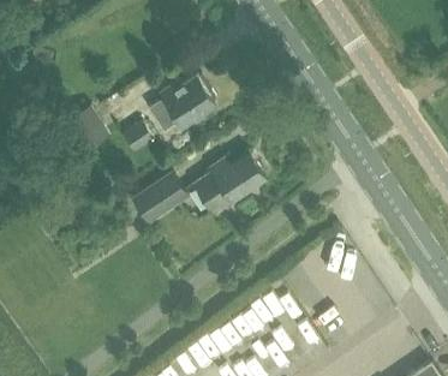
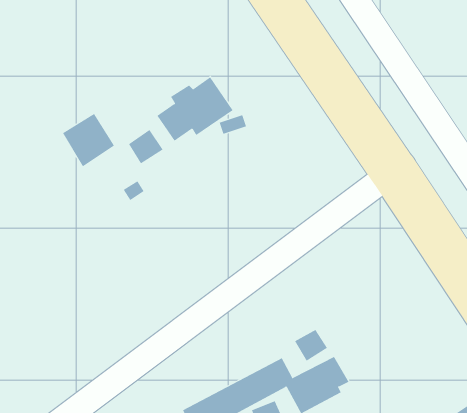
building: [193,145,267,214] -> none
building: [131,173,189,226] -> none

